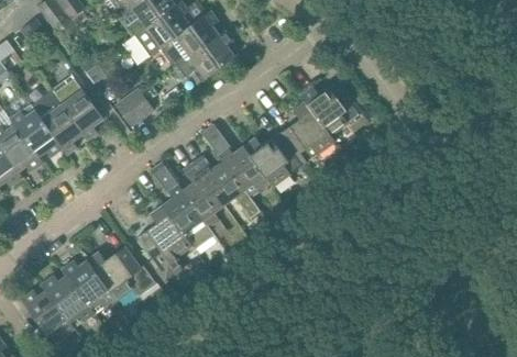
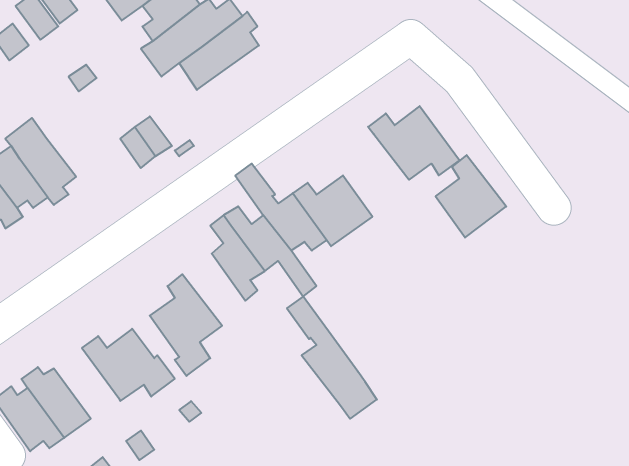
building: [172,31,233,82] -> none
building: [48,74,102,140] -> none
building: [281,101,333,163] -> [436,155,506,238]
building: [150,161,217,253] -> [287,296,377,419]
building: [60,260,113,313] -> none

